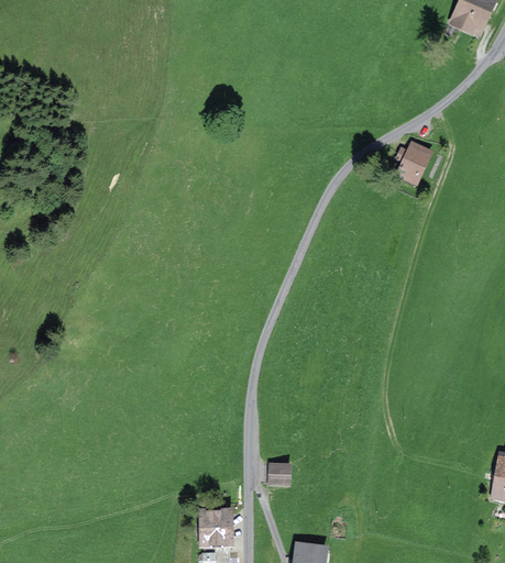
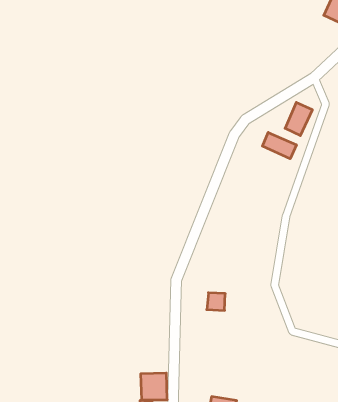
building: none -> [262,132,296,159]
building: [267,462,293,486] -> [207,293,225,310]

